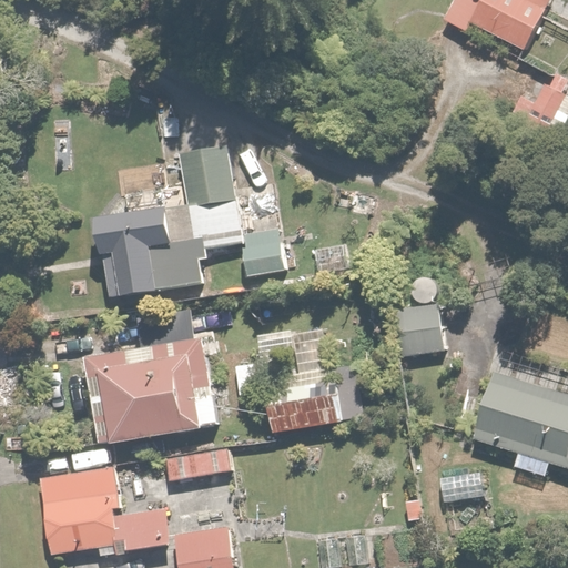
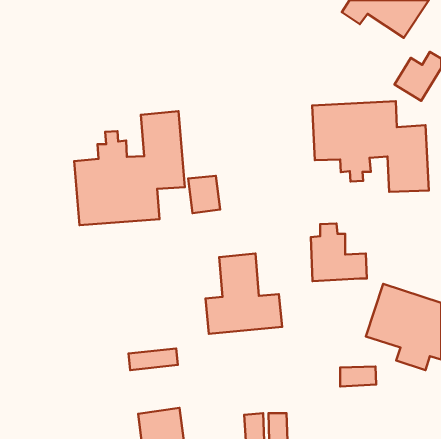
building: none -> [312,101,429,192]
building: [81,338,217,444] -> none
building: [42,469,171,556] -> none

